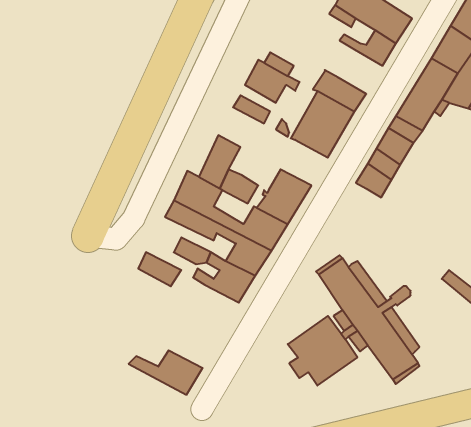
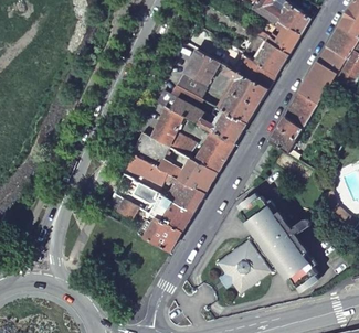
building: none -> [254,42,287,75]
building: none -> [156,89,246,143]
building: [129,350,203,395] -> [125,217,180,250]

